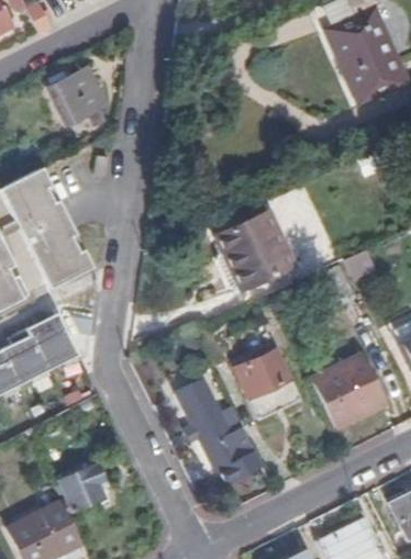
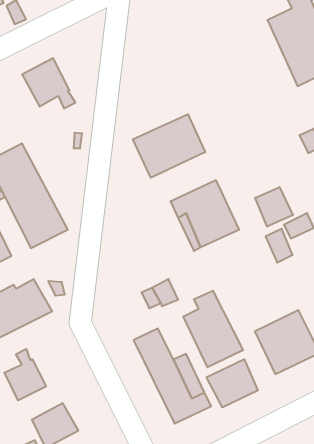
building: none -> [133,114,205,178]
building: none -> [255,187,293,227]
building: none -> [5,349,46,400]
building: none -> [207,359,258,407]

